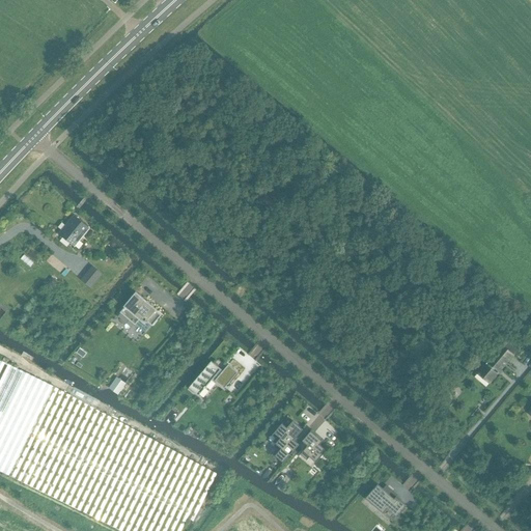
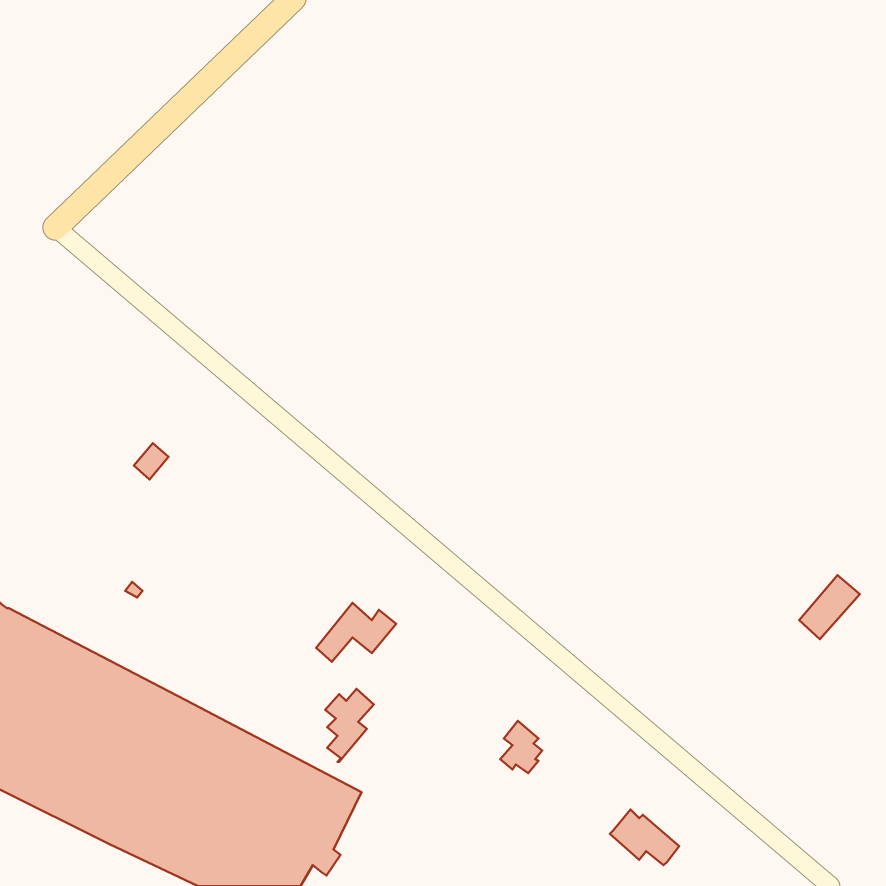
building: [57,216,88,246] -> none
building: [119,294,161,326] -> none
building: [273,420,302,464] -> [325,689,374,762]

